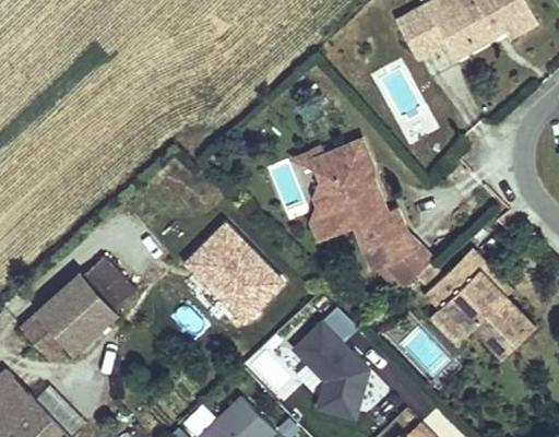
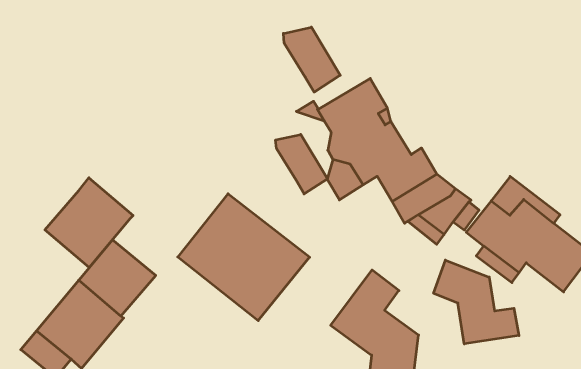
building: none -> [283,27,340,92]
building: none -> [276,134,327,194]
building: none -> [45,178,133,267]
building: none -> [434,260,519,344]

